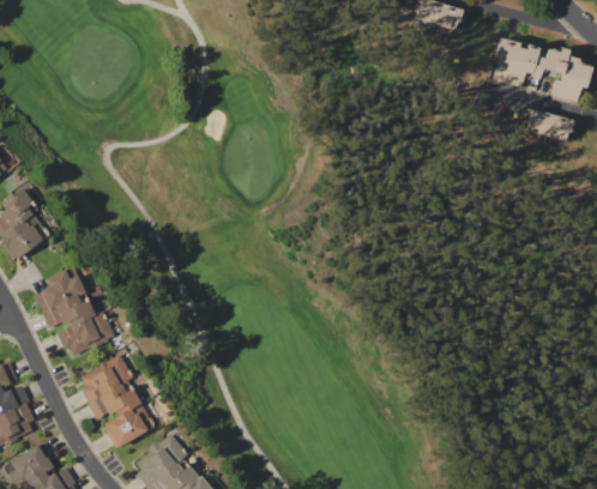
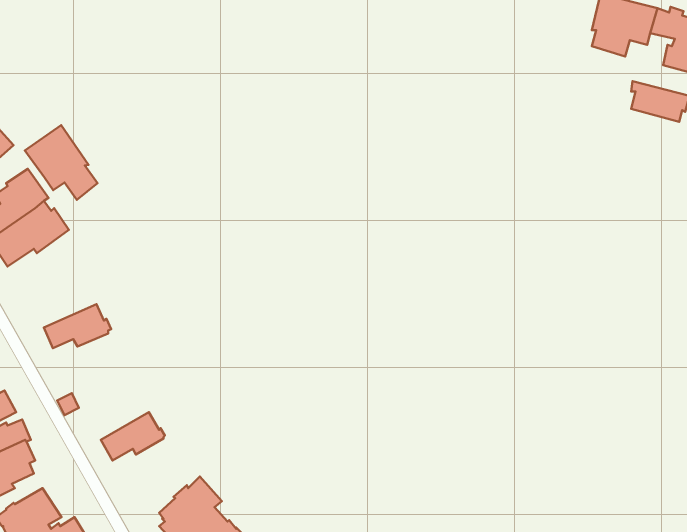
building: none -> [25,125,97,200]
building: [35,266,85,310] -> none
building: [56,310,115,356] -> none
building: [79,354,134,403] -> none
building: [104,402,158,448] -> none

